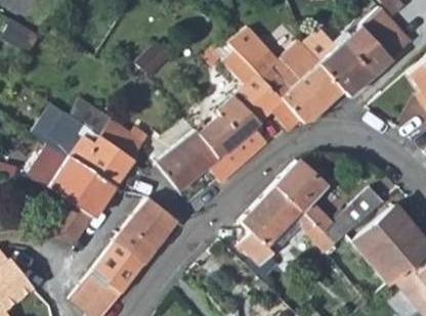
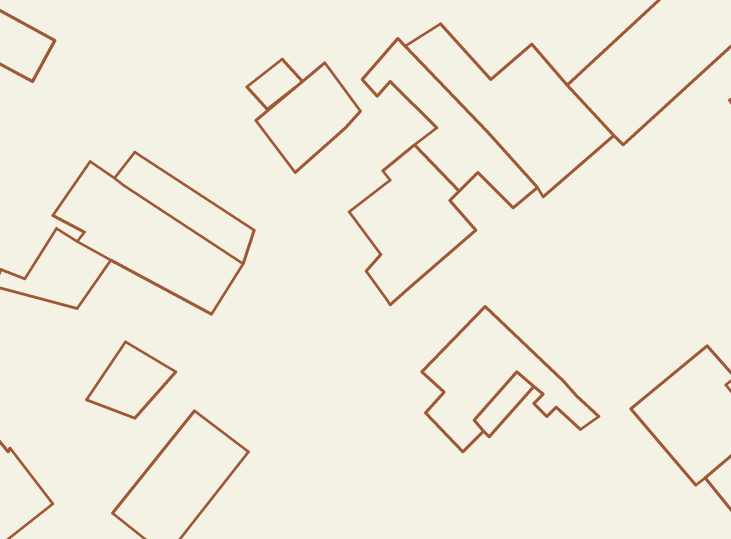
building: [159,129,216,189] -> [256,63,360,173]
building: [49,159,123,220] -> none
building: [273,161,384,244] -> none
building: [112,196,177,264] -> none

